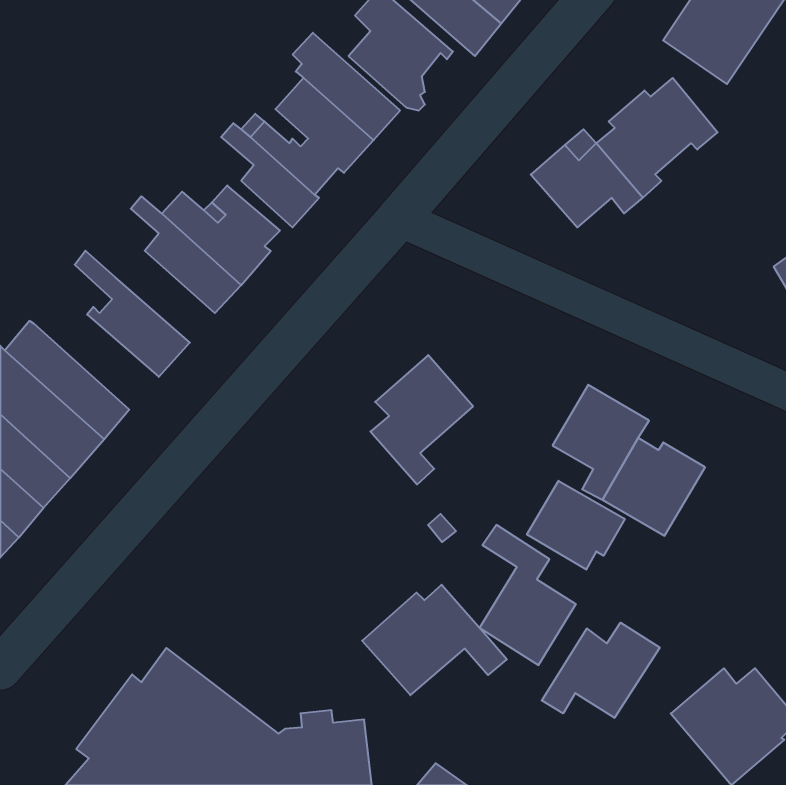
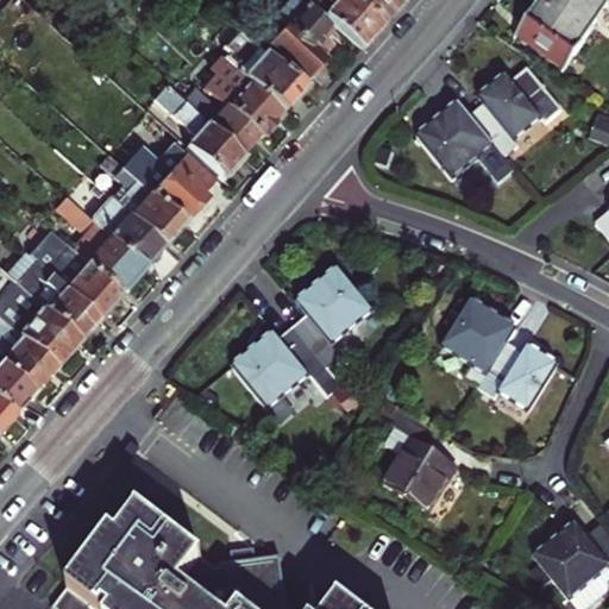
building: none -> [95,189,171,262]
building: none -> [33,224,128,313]
building: [527,481,625,570] -> none
building: [362,585,507,695] -> [230,329,340,414]
building: [542,623,660,718] -> none

